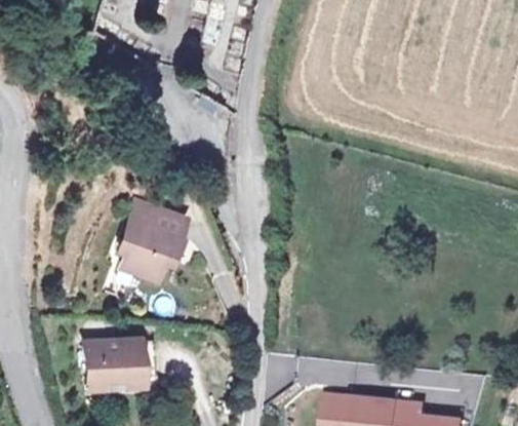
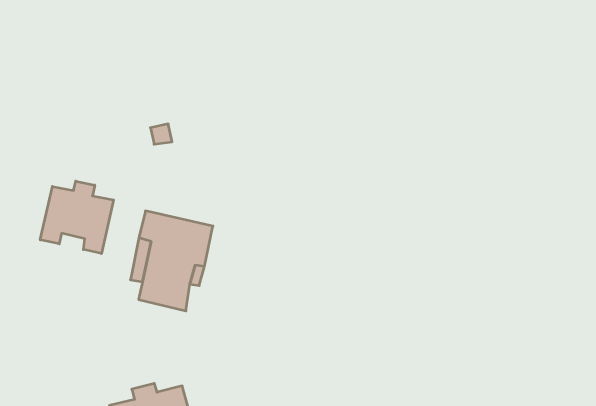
building: none -> [40,181,114,254]

